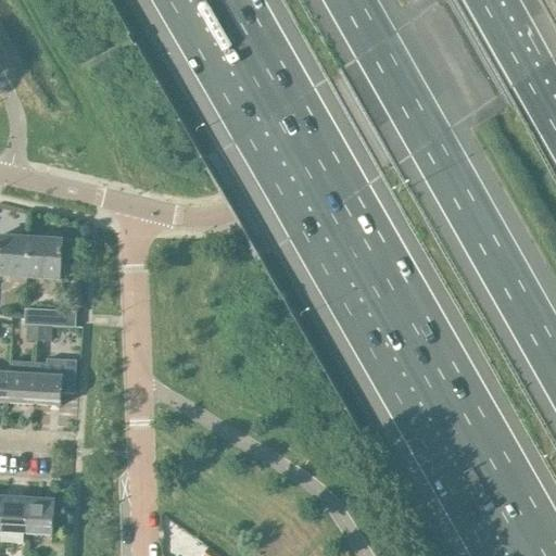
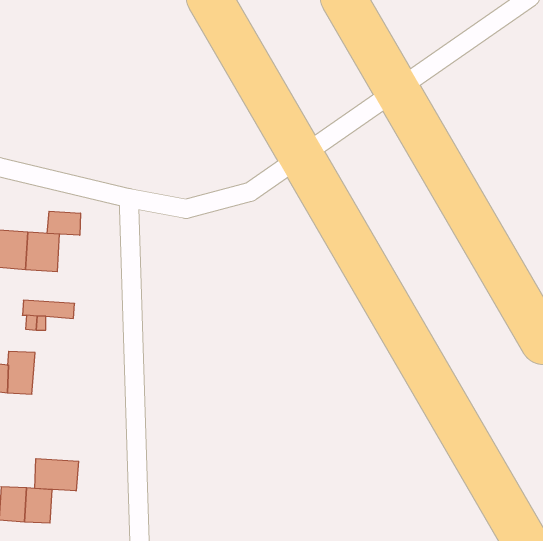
building: none -> [47,211,80,235]
building: [33,356,75,404] -> none
building: none -> [35,459,79,491]

